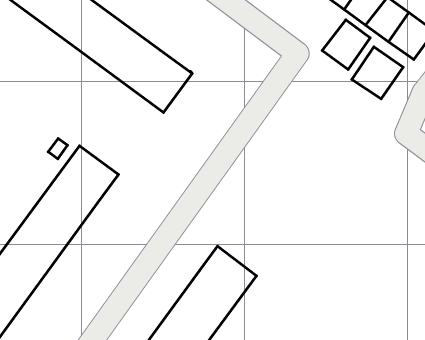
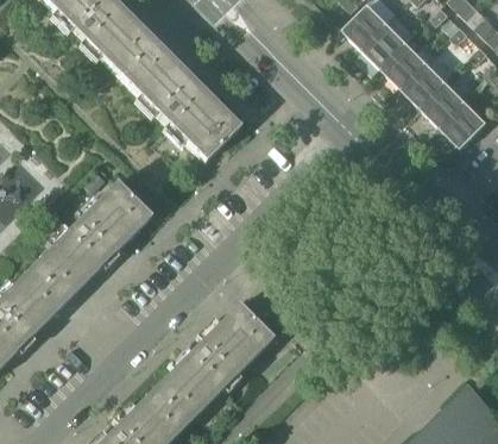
building: [322,20,370,70] -> none
building: [352,47,403,99] -> none

